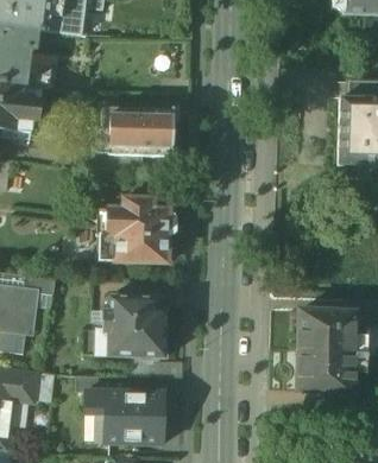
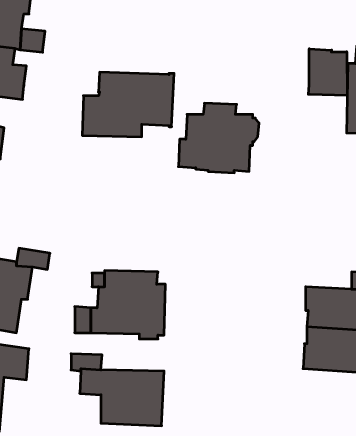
building: none -> [308,49,347,96]
building: [97,197,175,264] -> [178,103,259,173]

